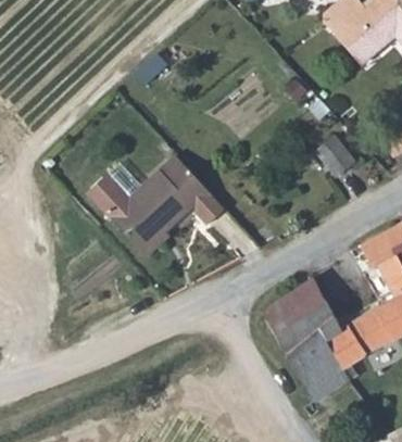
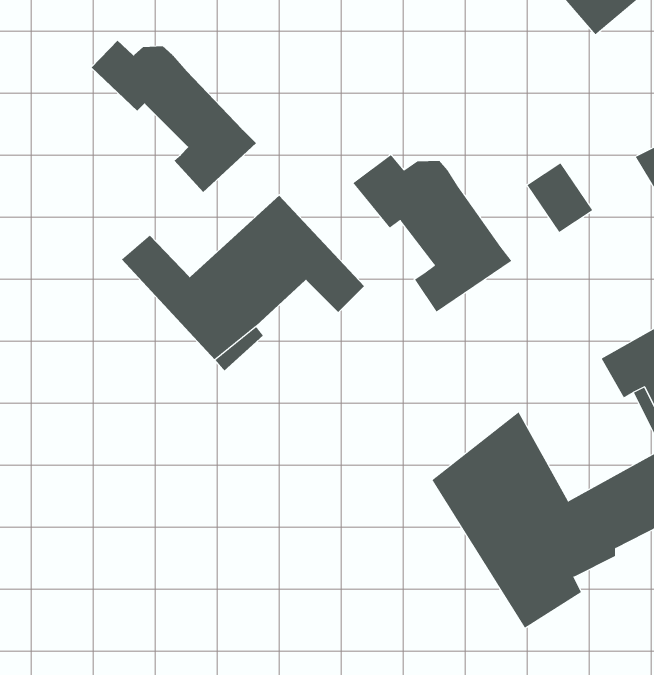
building: none -> [91,40,257,193]
building: none -> [353,154,512,313]

